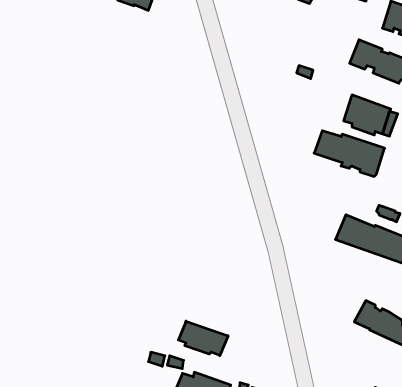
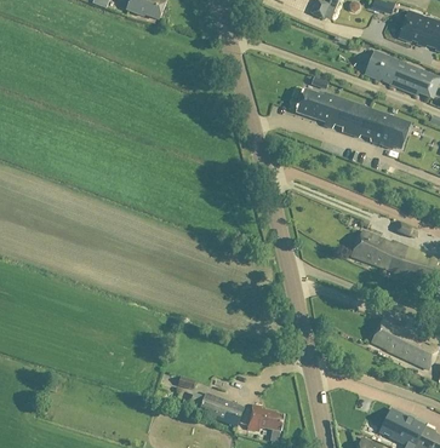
building: [314,131,385,176] -> [295,88,367,136]
building: [178,321,228,356] -> none

